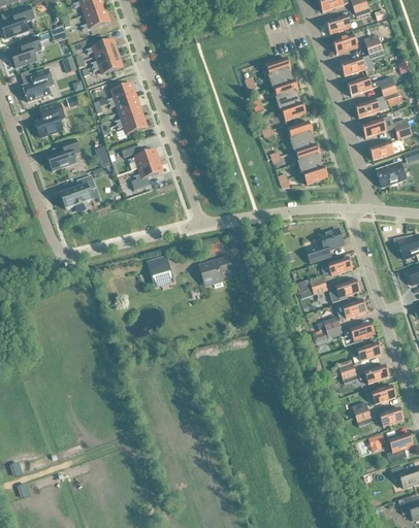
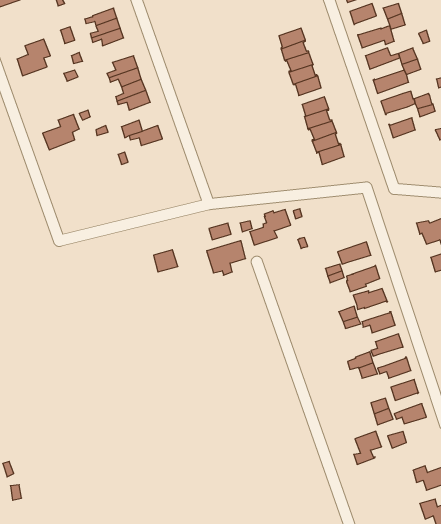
building: [11,36,41,68] -> none
building: [35,103,64,137] -> none
building: [131,161,162,190] -> none
building: [377,163,406,187] -> none
building: [61,175,96,208] -> none
building: [305,230,344,263] -> [250,210,291,245]
building: [387,432,413,463] -> [354,431,382,464]

